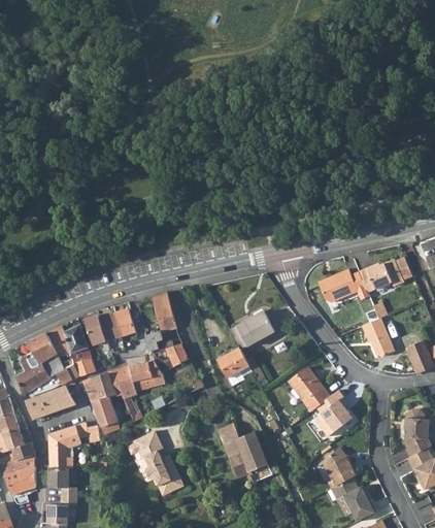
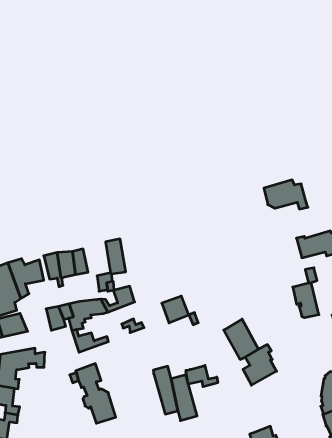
building: [317,266,368,299] -> [264,180,308,209]
building: [234,307,273,342] -> none
building: [58,346,95,383] -> none
building: [83,377,119,435] -> none
building: none -> [186,365,218,387]
building: [321,448,358,487] -> none

